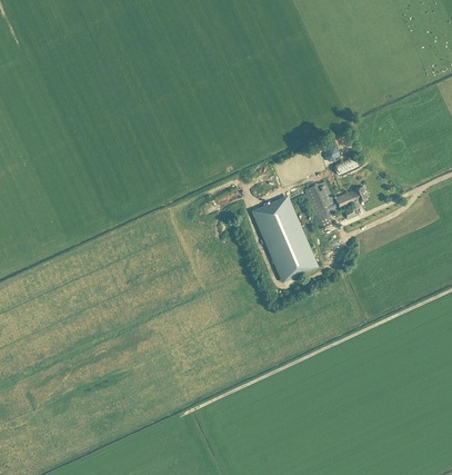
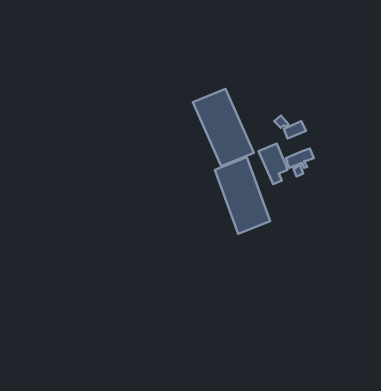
building: none -> [193,89,254,166]

